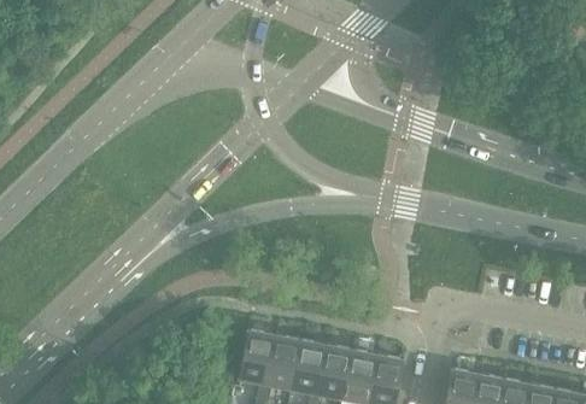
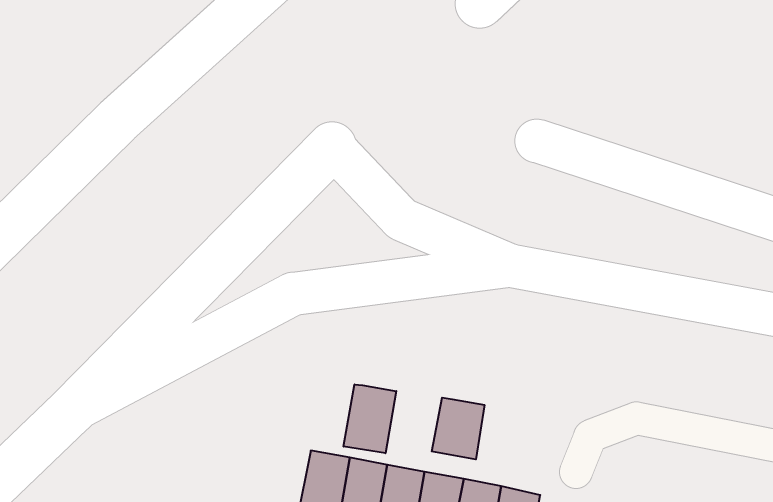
building: none -> [344,384,396,453]
building: none -> [432,398,484,459]

